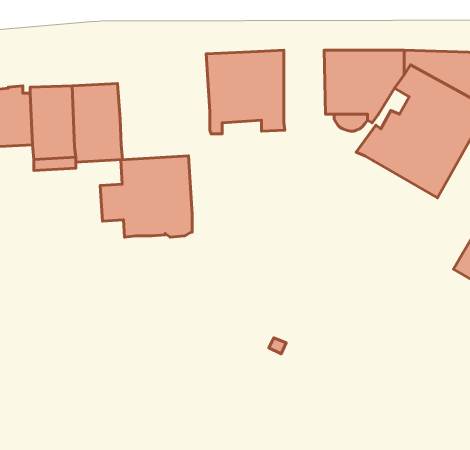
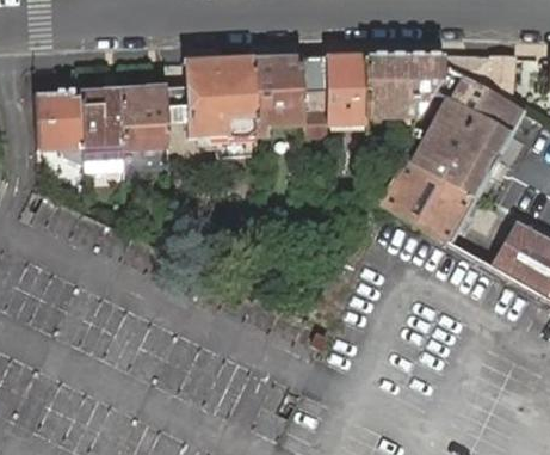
building: none -> [327,54,367,129]
building: none -> [378,156,476,242]
building: [100,156,192,237] -> [166,57,255,136]

